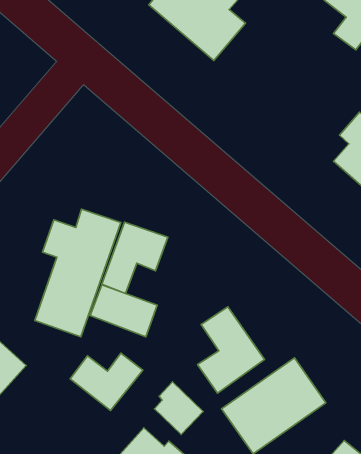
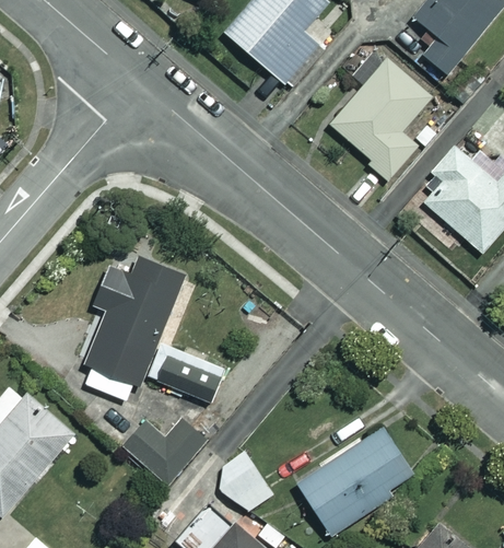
building: none -> [329,58,430,176]
building: [102,222,168,294] -> none
building: [198,307,264,393] -> none

